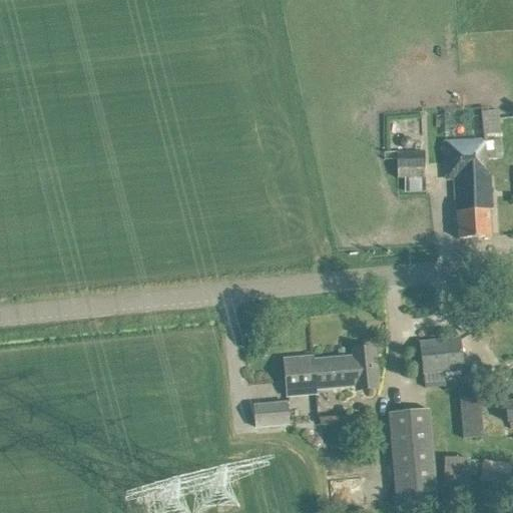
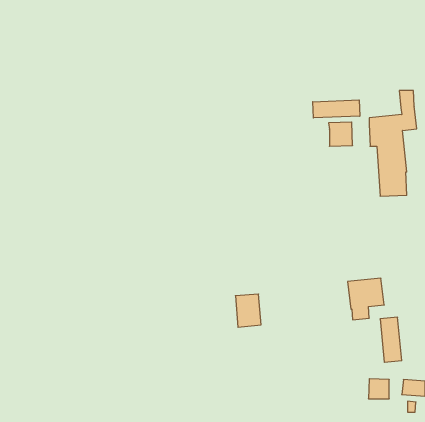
building: none -> [313,100,360,118]
building: [312,346,378,392] -> none
building: [253,401,288,426] -> none
building: [390,408,435,505] -> none

